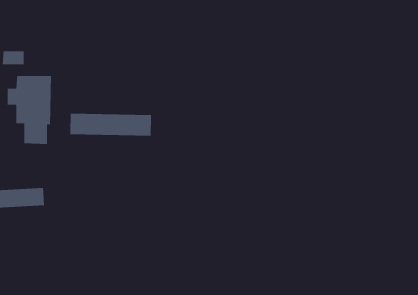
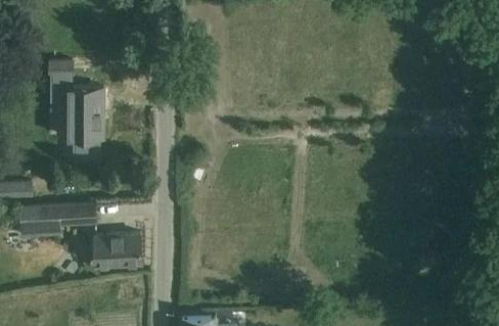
building: [69,113,152,136] -> none
building: none -> [95,233,141,265]

